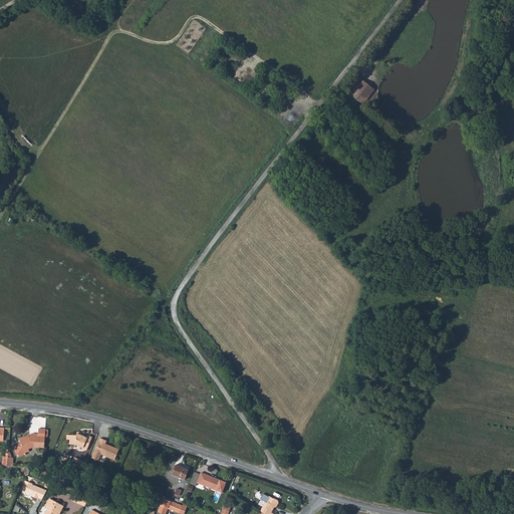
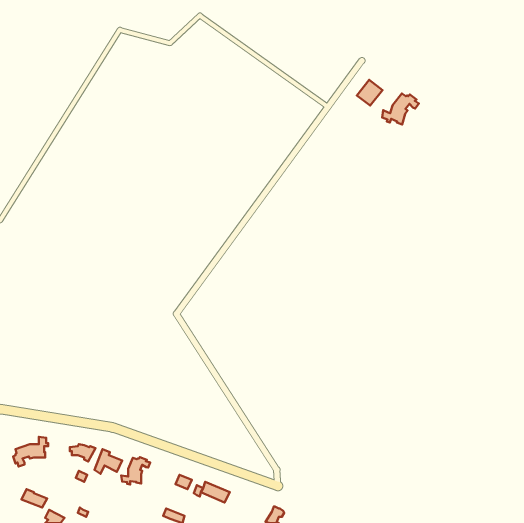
building: none -> [382,94,419,124]
building: none -> [121,457,150,484]

